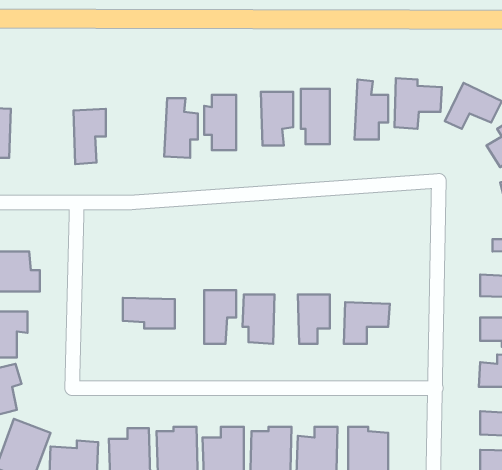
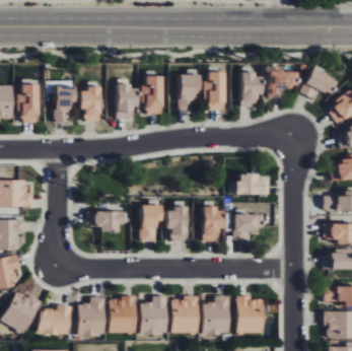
building: none -> [16,85,38,123]
building: none -> [80,88,101,122]
building: none -> [237,173,269,195]

